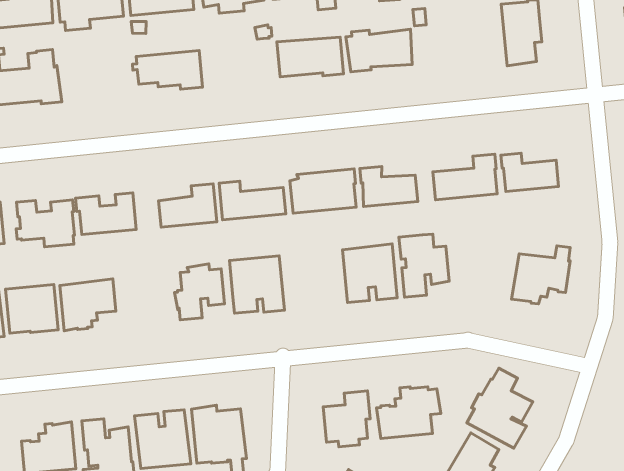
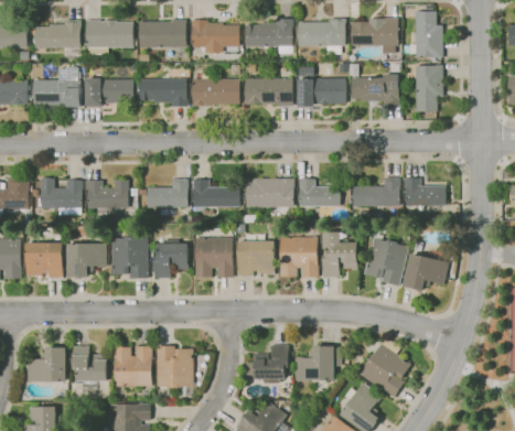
building: none -> [351,73,398,104]
building: none -> [191,78,239,106]
building: none -> [85,77,133,105]
building: none -> [363,237,408,285]
building: none -> [237,240,273,276]
building: none -> [109,235,148,278]

